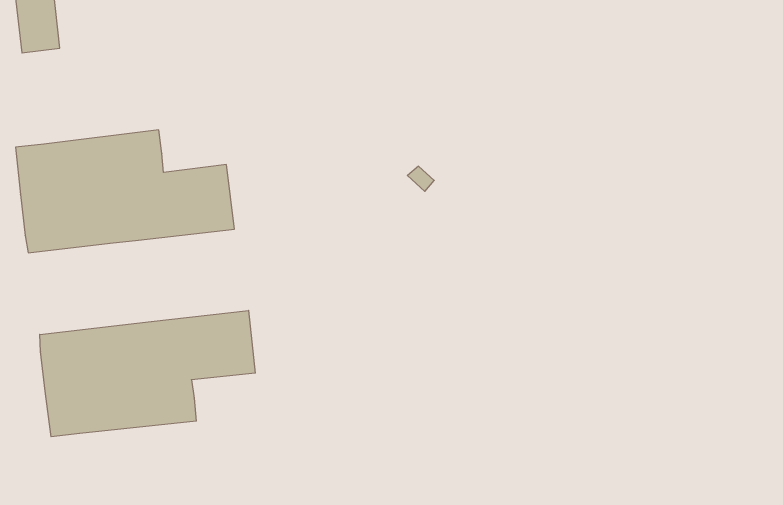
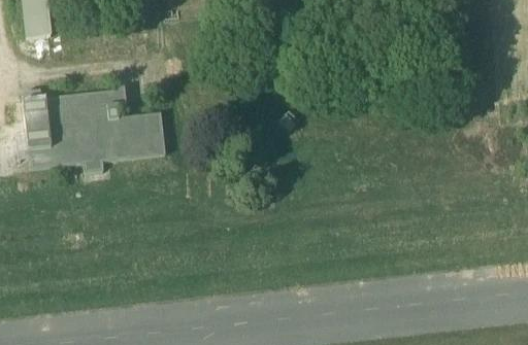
building: [40,310,255,437] -> none

